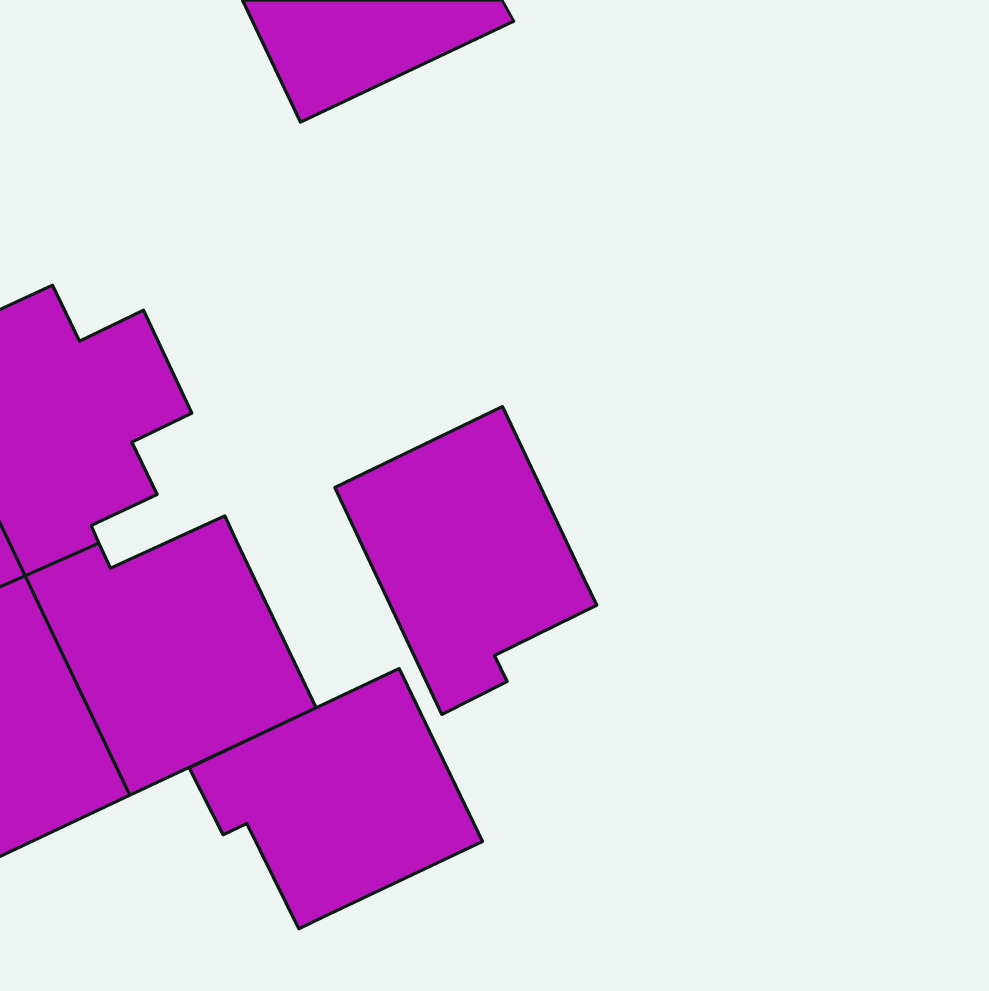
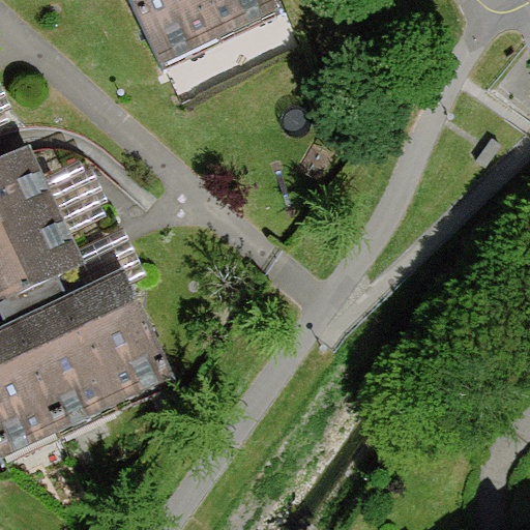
building: [335,407,597,715] -> none
building: [189,669,482,929] -> none

